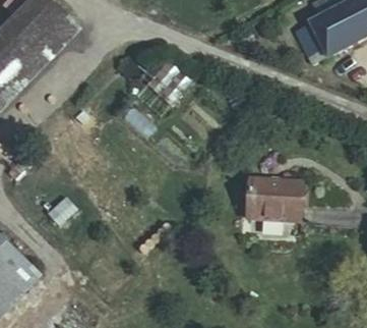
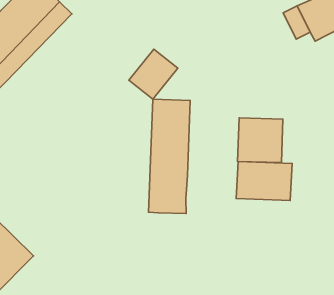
building: none -> [149,99,190,214]
building: none -> [238,118,283,163]

